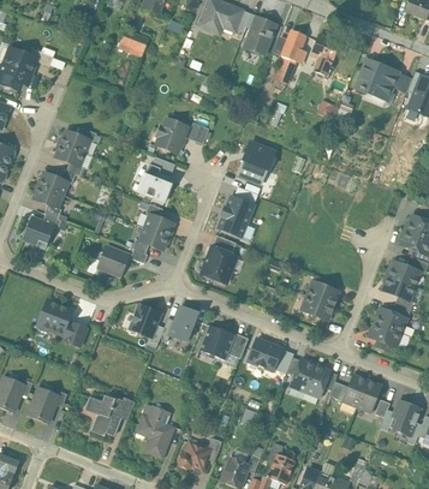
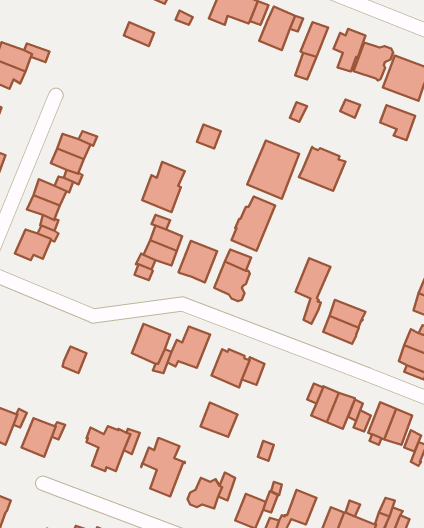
building: none -> [353,43,393,80]
building: none -> [380,105,415,140]
building: [156,119,186,153] -> none
building: none -> [299,147,345,191]
building: none -> [178,241,217,282]
building: none -> [295,258,330,324]
building: [97,246,129,276] -> none
building: [37,300,72,336] -> none
building: [248,339,281,370] -> [200,402,238,437]

